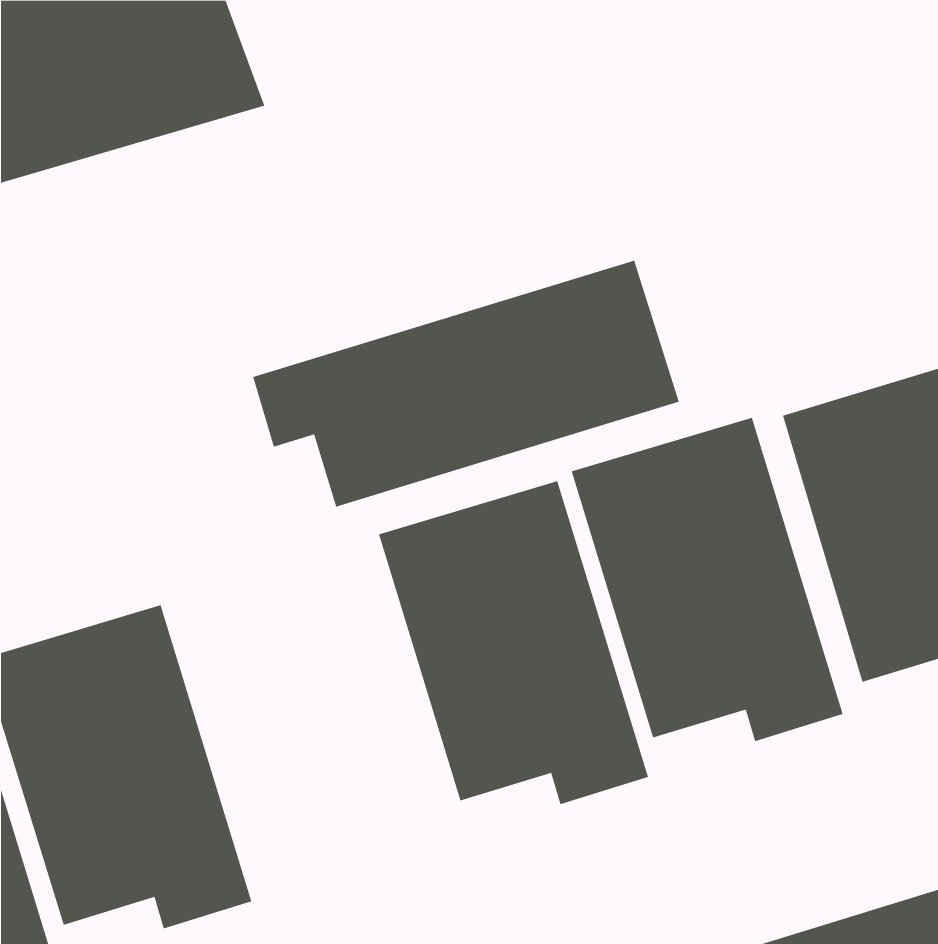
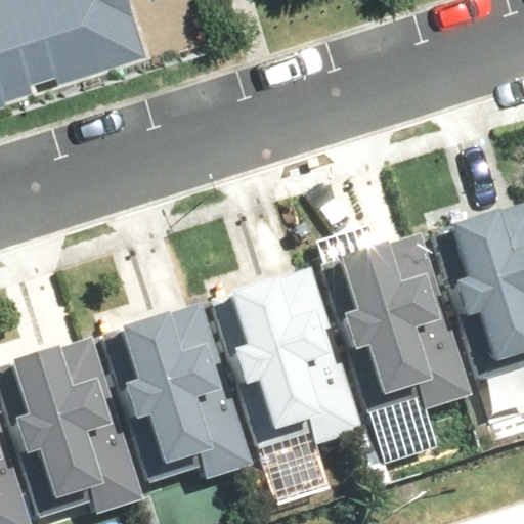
building: [252,260,679,507] -> none
building: none -> [102,300,253,479]

